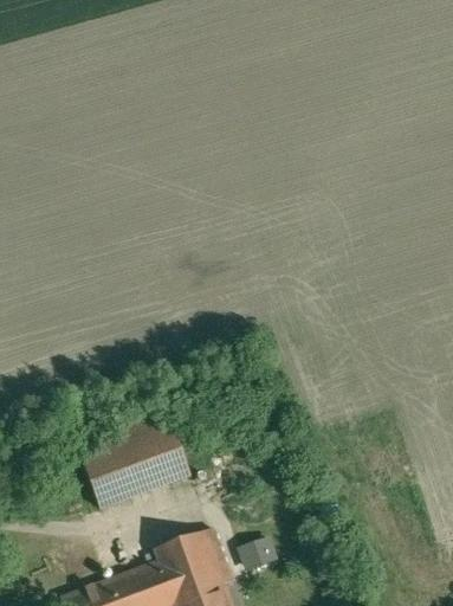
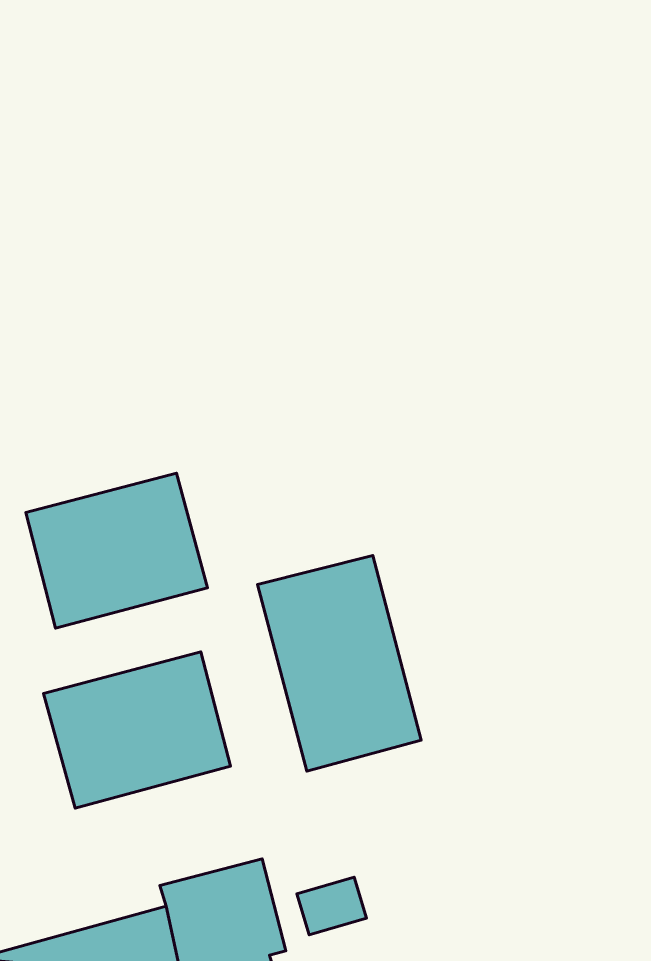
building: none -> [26,473,208,628]
building: none -> [257,555,421,771]

